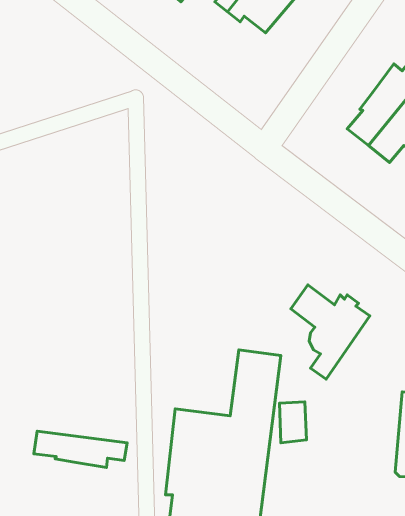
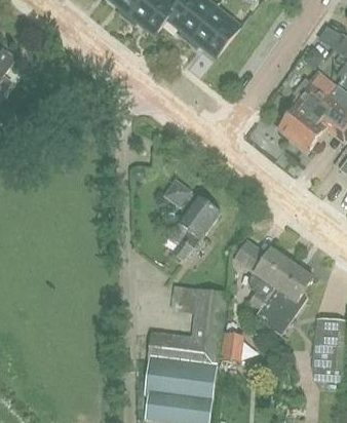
building: none -> [163,180,221,261]
building: none -> [256,263,313,334]
building: [34,431,127,467] -> none

